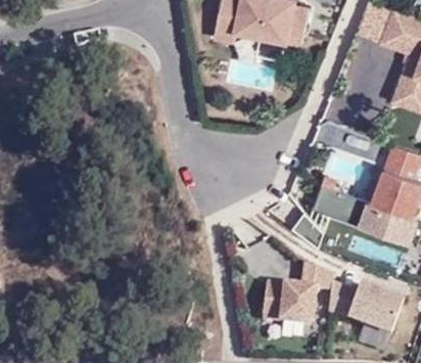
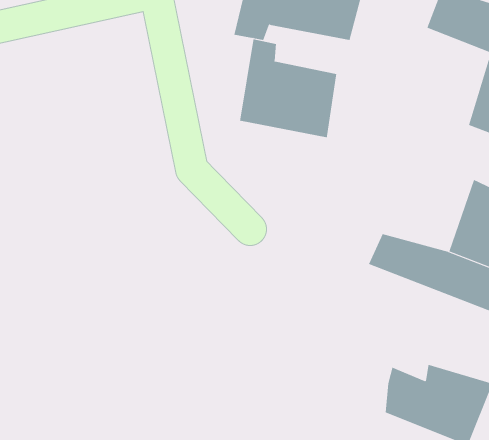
building: none -> [240,38,337,138]
building: [260,264,331,329] -> none

